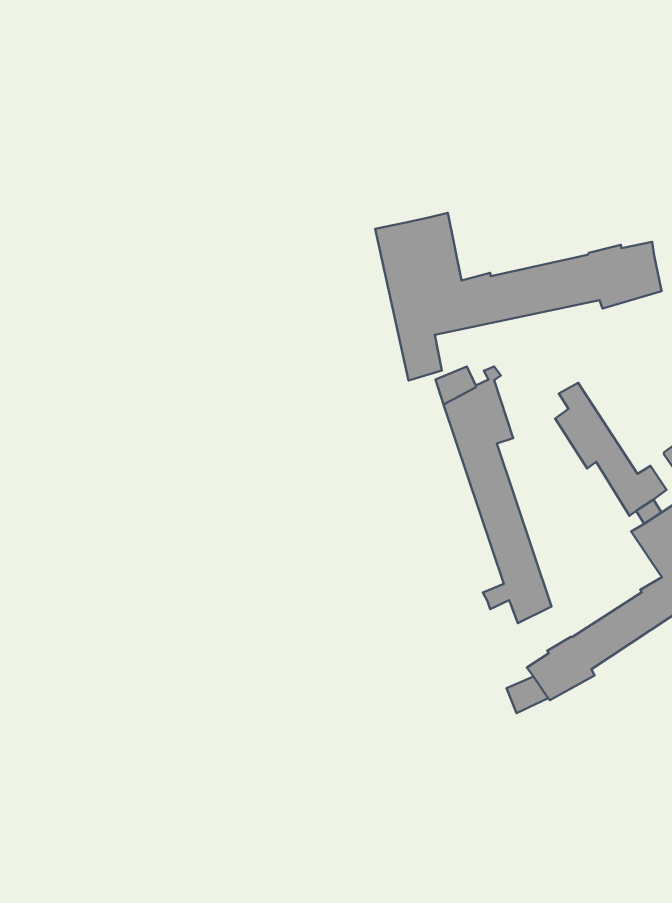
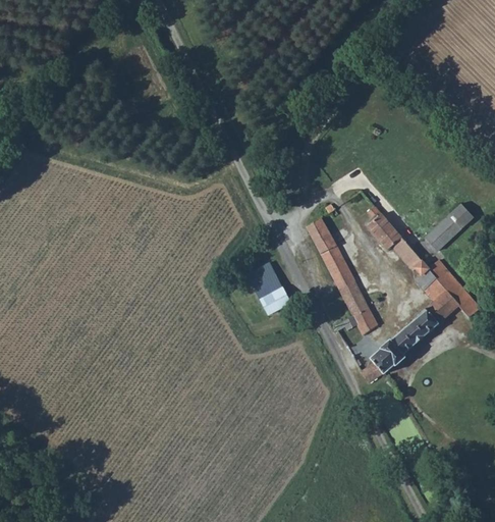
building: [375,213,661,381] -> none
building: none -> [246,264,292,318]

